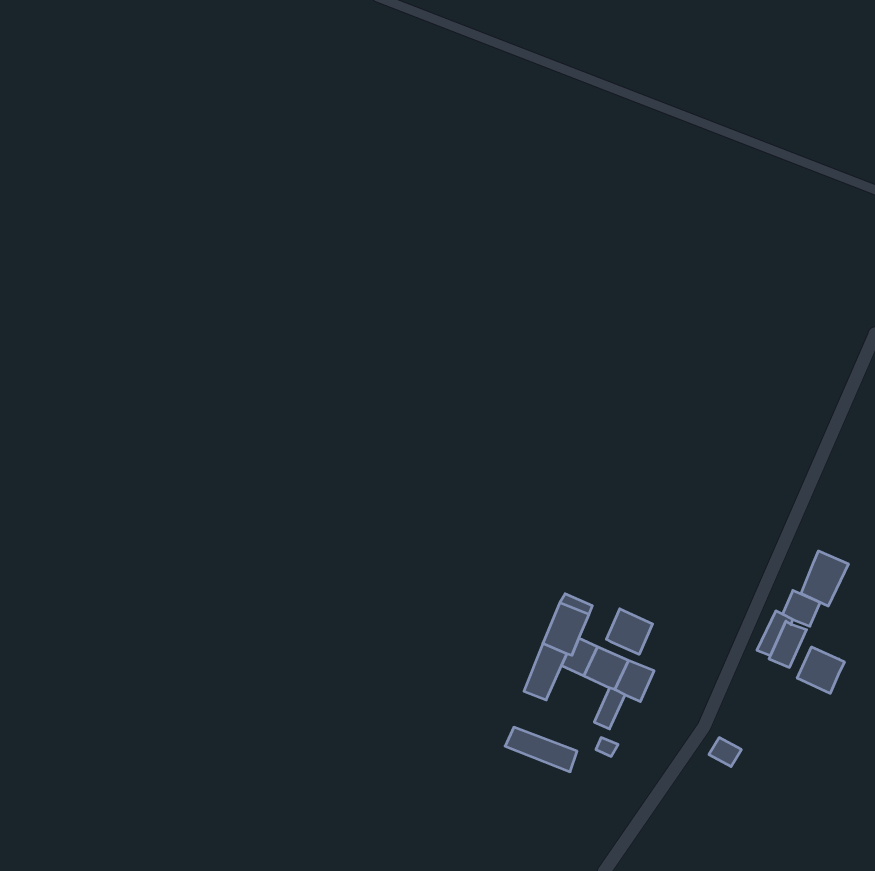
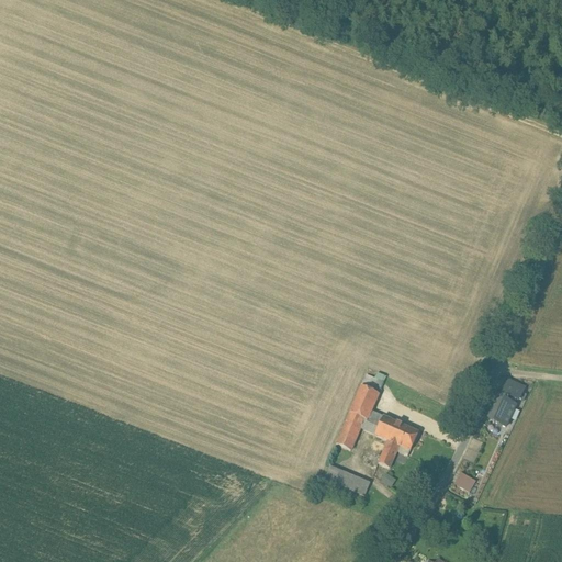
building: [801,551,848,606] -> none
building: [606,609,653,654] -> none
building: [797,647,844,693] -> none

